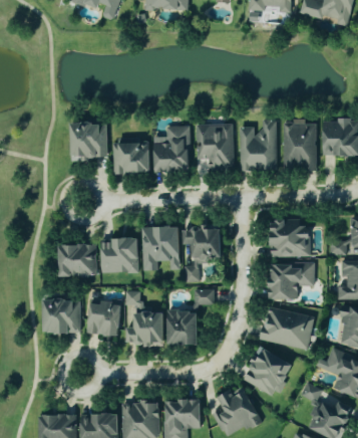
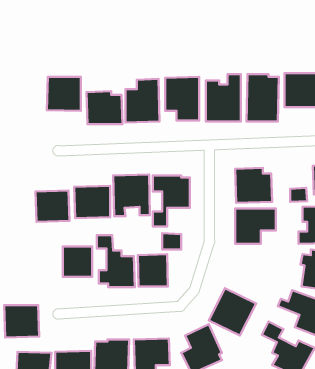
building: [43,299,80,334] -> [4,305,39,337]
building: [262,307,314,349] -> none

